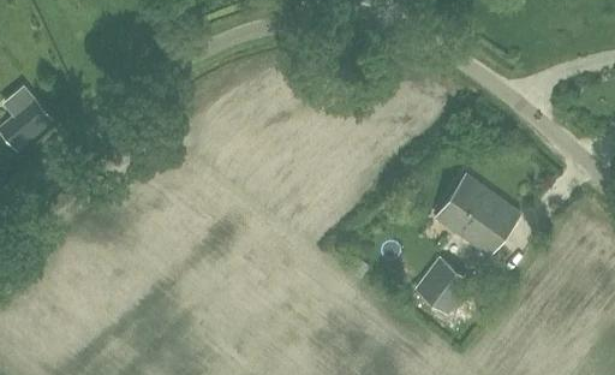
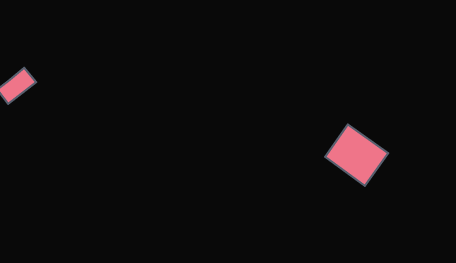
building: [414,258,473,317] -> none

